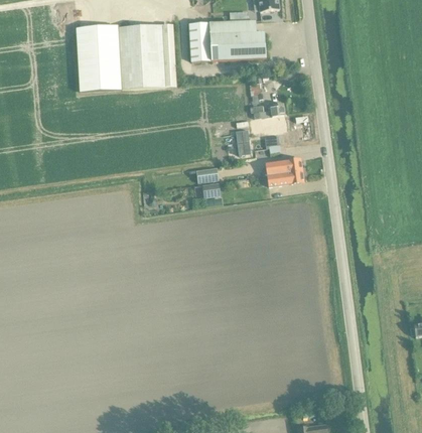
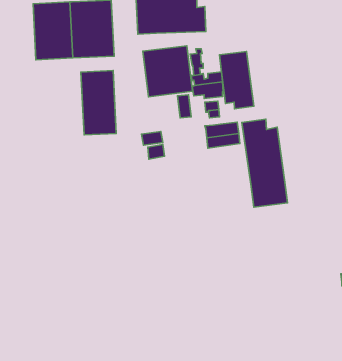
building: none -> [143,46,193,97]
building: none -> [219,52,254,109]
building: none -> [81,71,116,135]
building: none -> [242,119,288,207]

